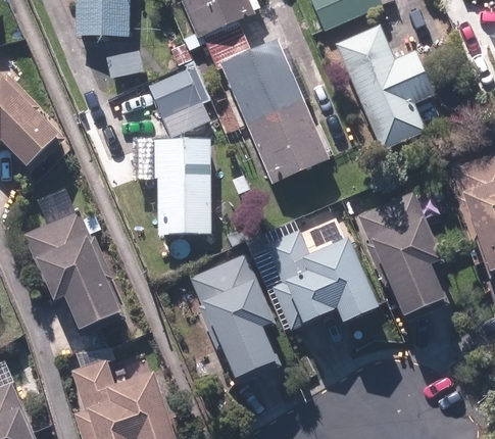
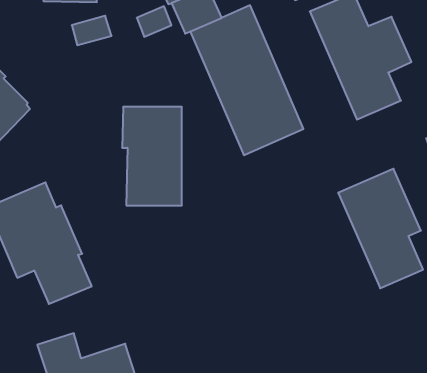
building: [148,67,203,113] -> none
building: [264,223,380,329] -> none
building: [189,253,278,379] -> none

